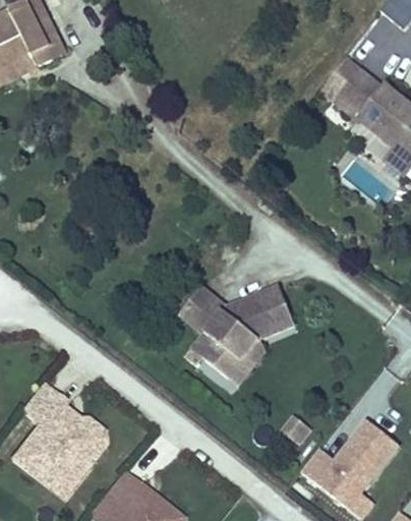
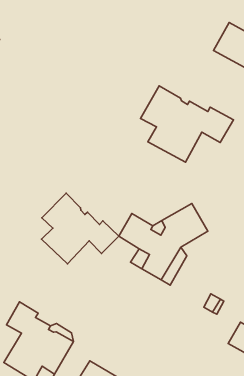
building: none -> [141,86,233,162]
building: none -> [41,193,119,264]

